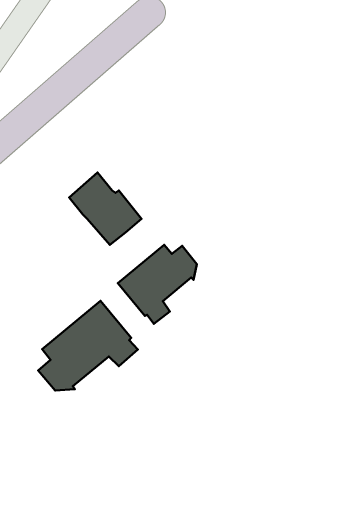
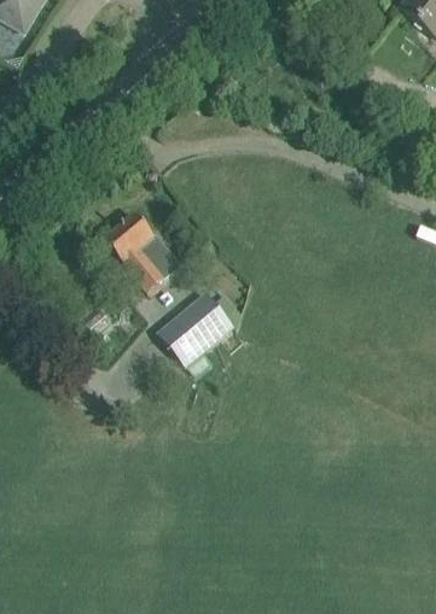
building: [38,301,138,391] -> none

